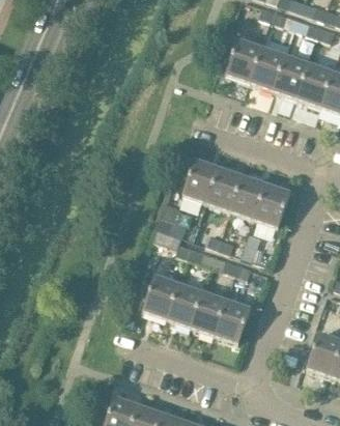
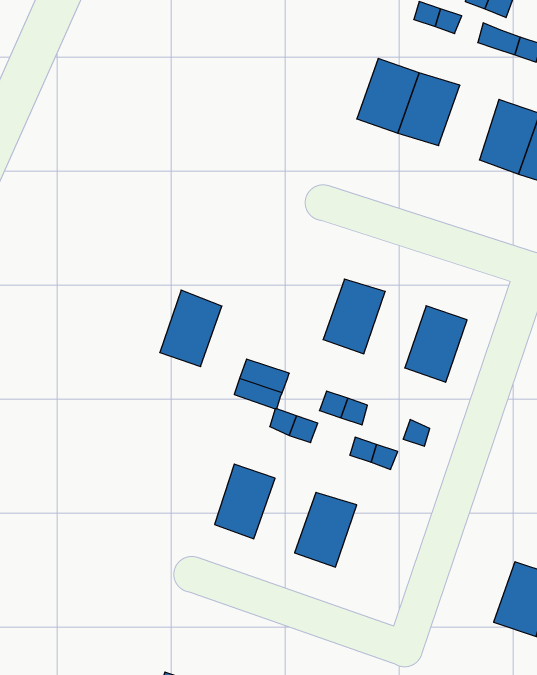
building: [272,53,307,96] -> none
building: [180,157,217,201] -> [160,290,222,367]
building: [228,173,264,218] -> none
building: [164,282,200,325] -> none
building: [211,297,248,342] -> none

